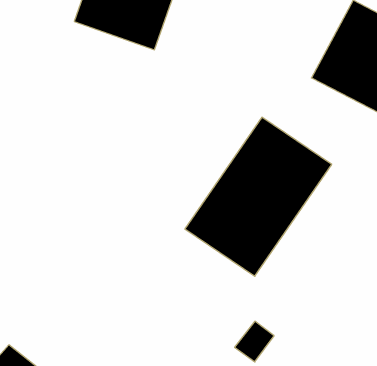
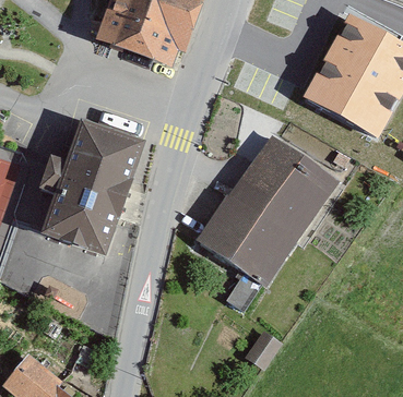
building: none -> [35,121,138,256]

